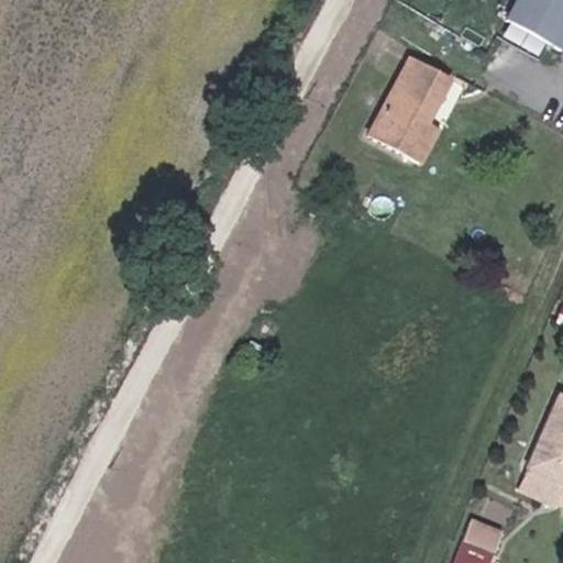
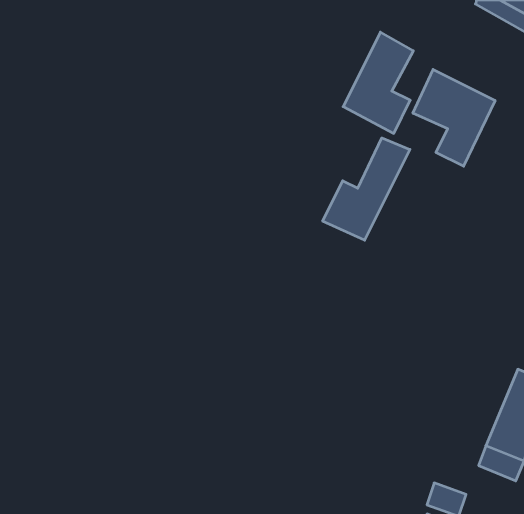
building: none -> [413,69,495,166]
building: none -> [323,138,410,240]

